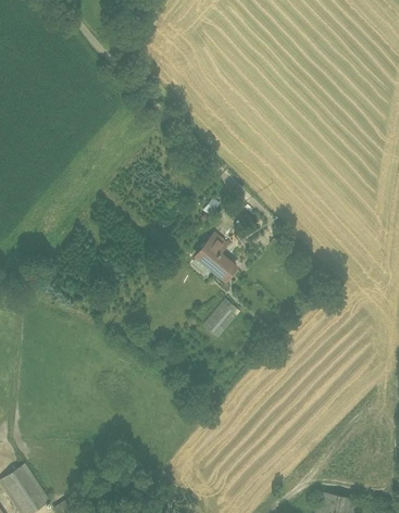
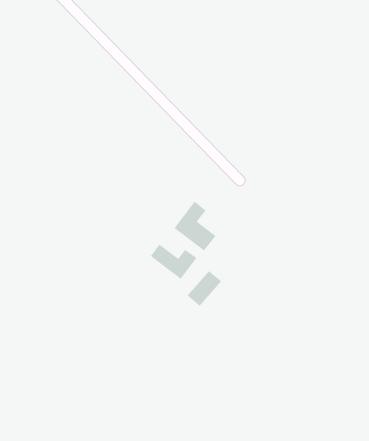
building: none -> [150,244,198,280]

